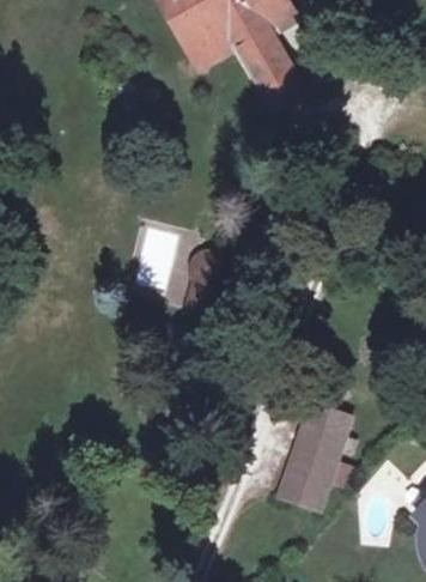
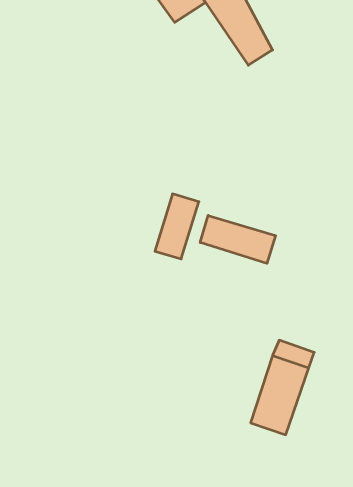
building: none -> [200,215,276,263]

